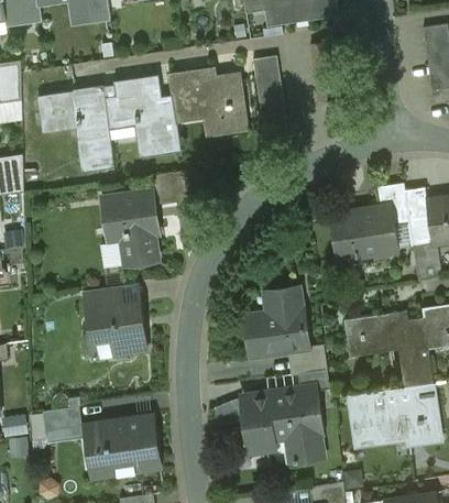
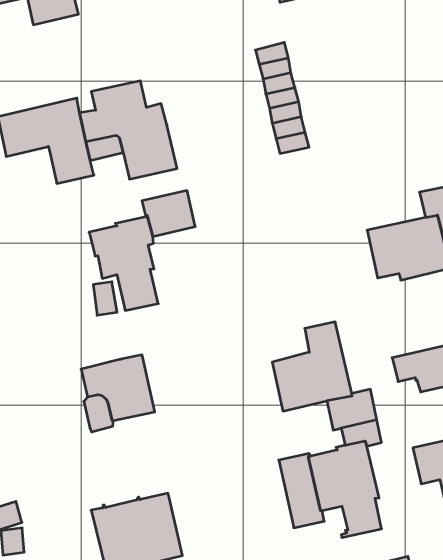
building: [167,69,245,134] -> none
building: [86,286,121,309] -> none
building: [42,406,81,433] -> none

